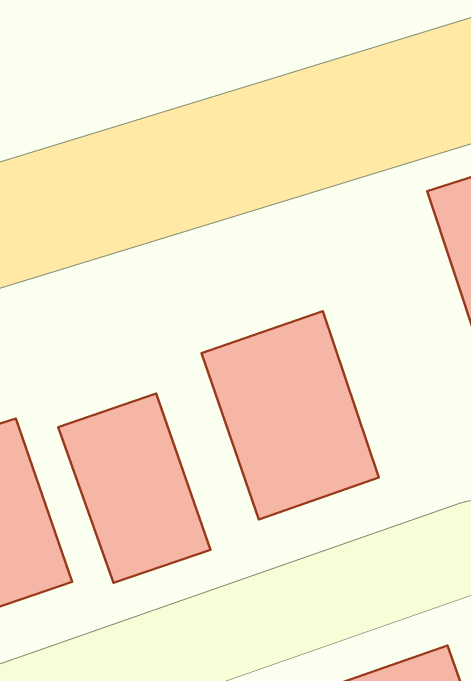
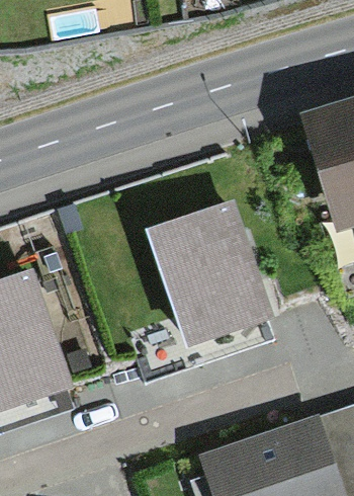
building: [58,393,210,583] -> none

